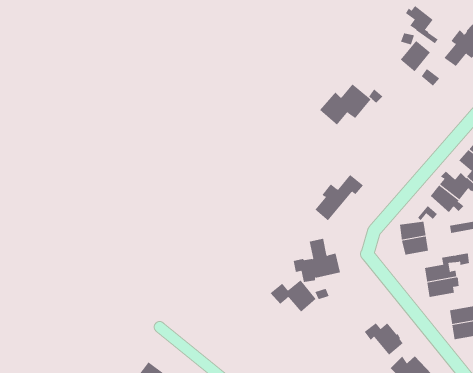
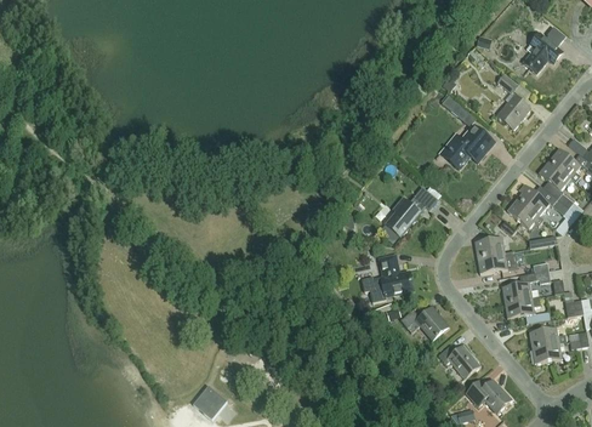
building: [405,5,439,44] -> none
building: [400,40,431,72] -> [496,96,529,130]
building: [319,83,371,126] -> [438,125,494,170]
building: [270,280,317,313] -> [399,306,449,341]

